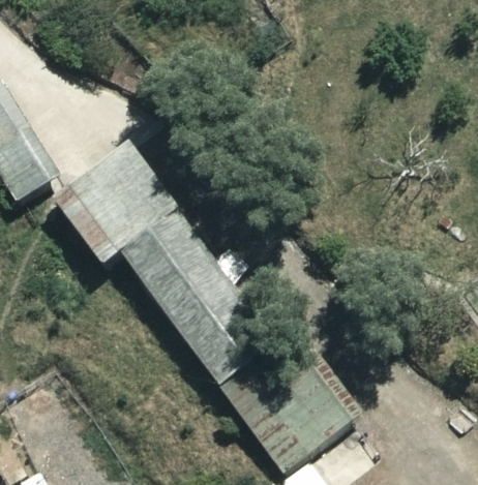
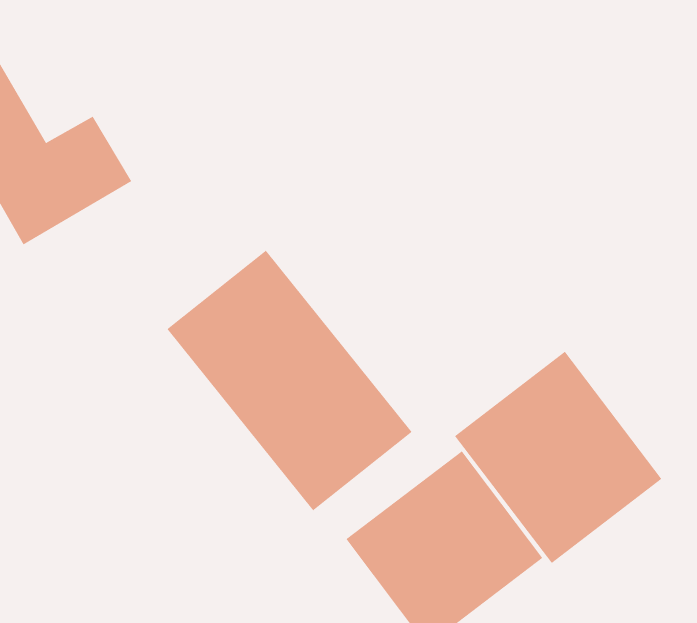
building: [52,143,178,266] -> none
building: none -> [454,351,662,564]

